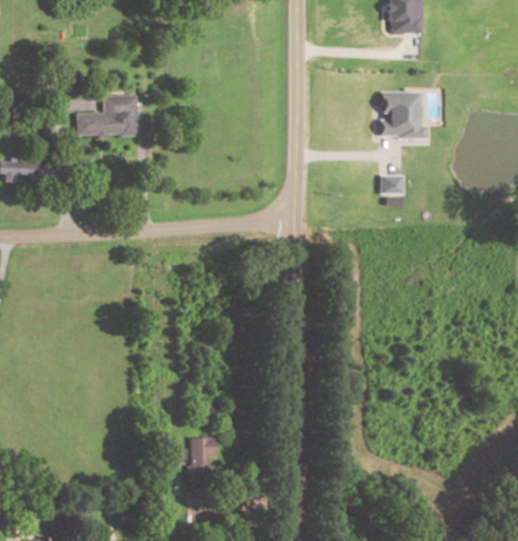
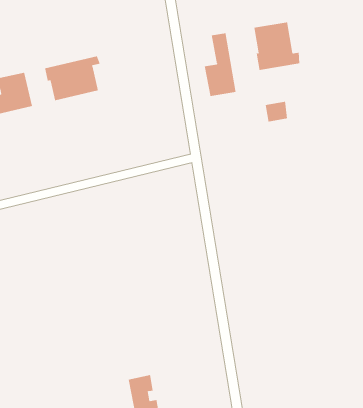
building: none -> [204,32,236,97]
building: none -> [44,56,101,101]

